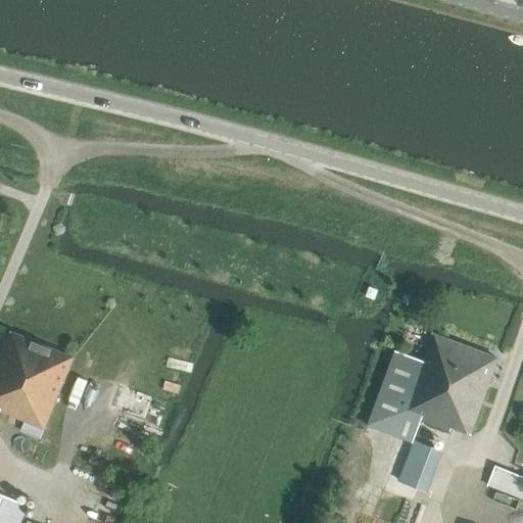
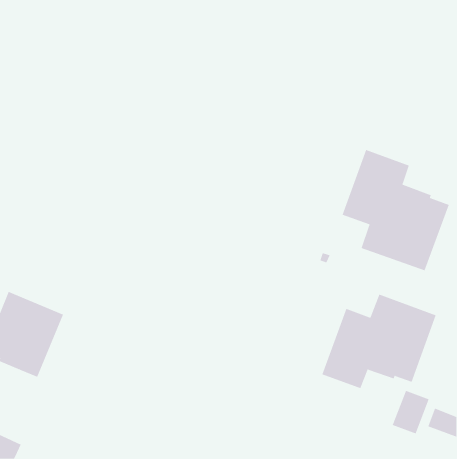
building: none -> [342,149,449,271]
building: [397,441,440,491] -> [392,390,430,434]

